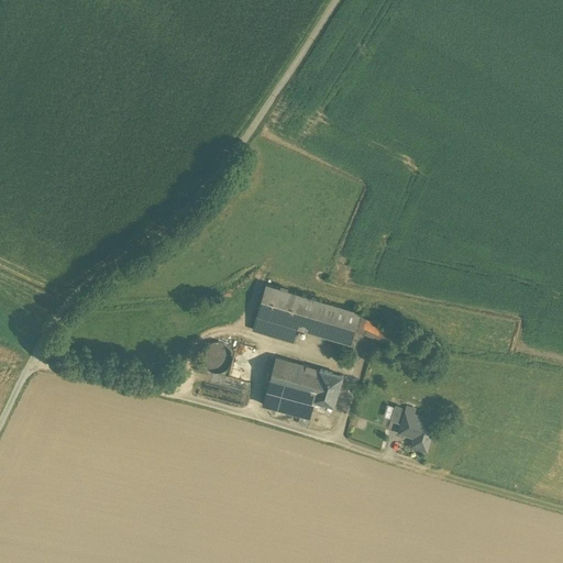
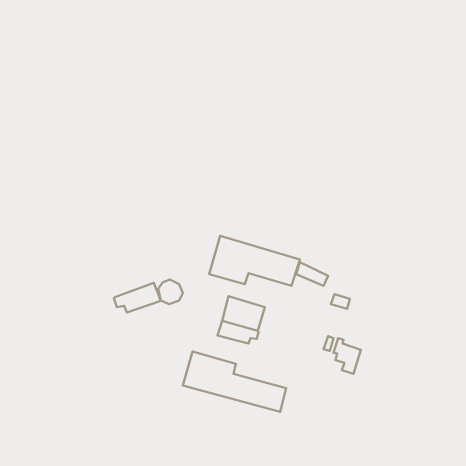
building: none -> [114,283,161,313]
building: [310,371,342,407] -> none
building: none -> [183,352,286,412]

